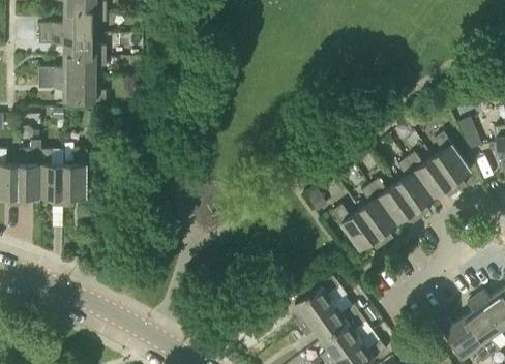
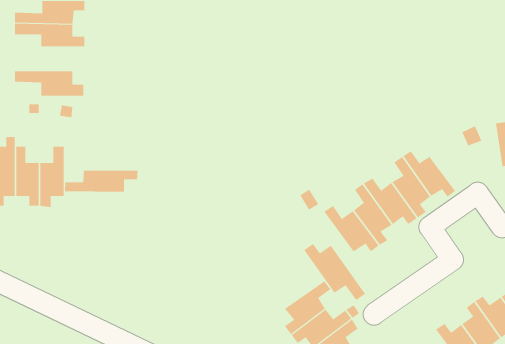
building: [39,55,107,78] -> none
building: [433,131,471,191] -> none
building: none -> [65,170,138,193]
building: none -> [303,243,366,301]

